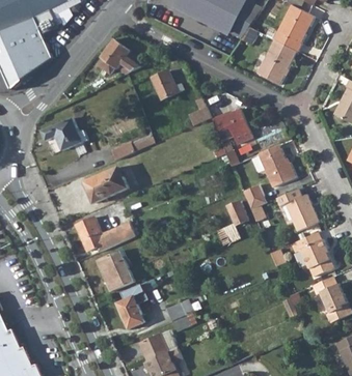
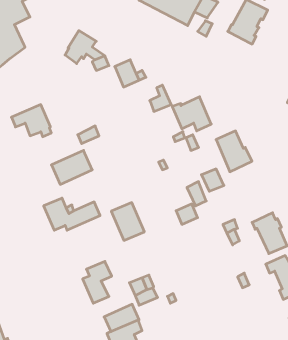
building: [255,40,295,86] -> none
building: [275,190,318,232] -> none
building: [98,250,133,290] -> [111,203,144,240]

